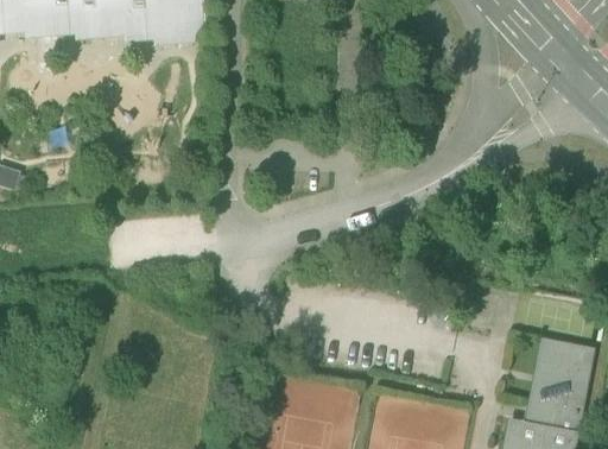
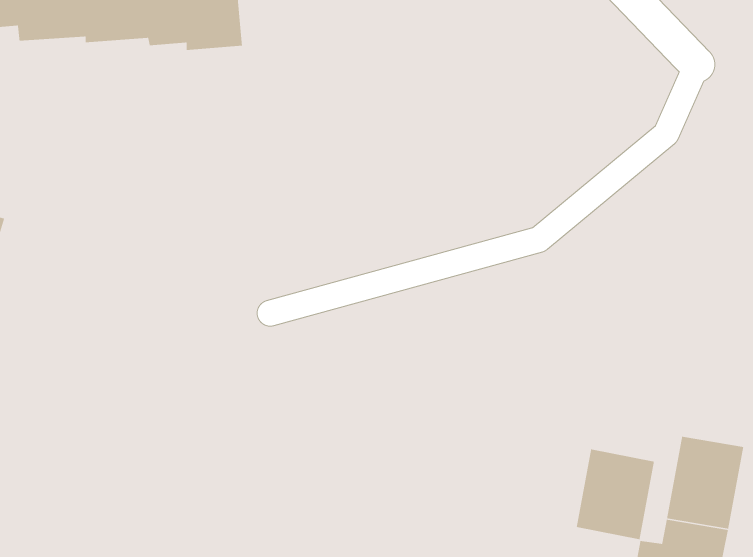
building: none -> [576,448,655,540]

